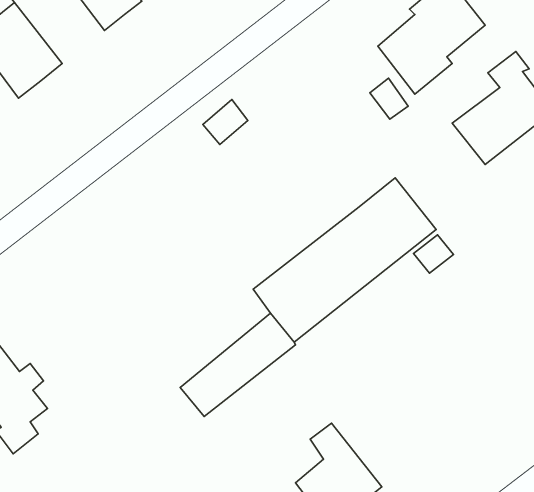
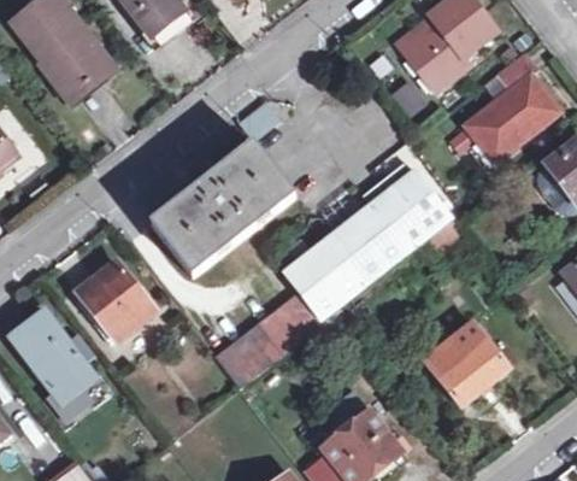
building: none -> [151,141,294,276]
building: none -> [77,265,152,340]
building: none -> [425,321,508,403]

